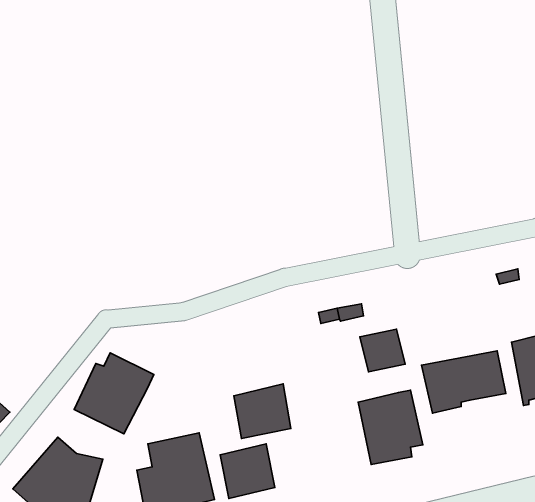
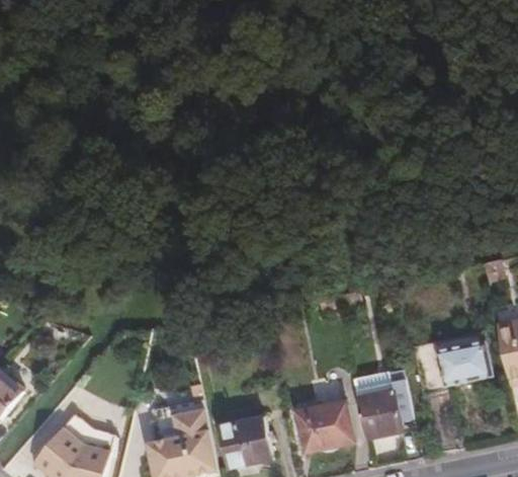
building: [360,329,405,372] -> none
building: [74,353,154,434] -> none
building: [234,384,291,438] -> [297,402,350,453]

